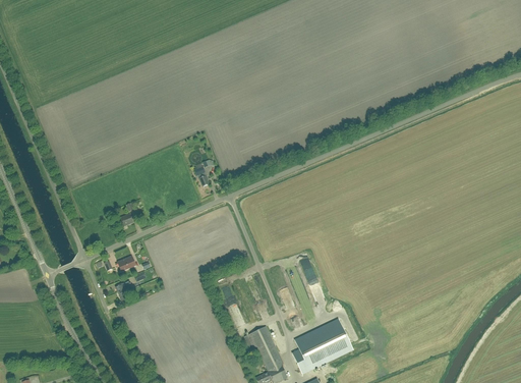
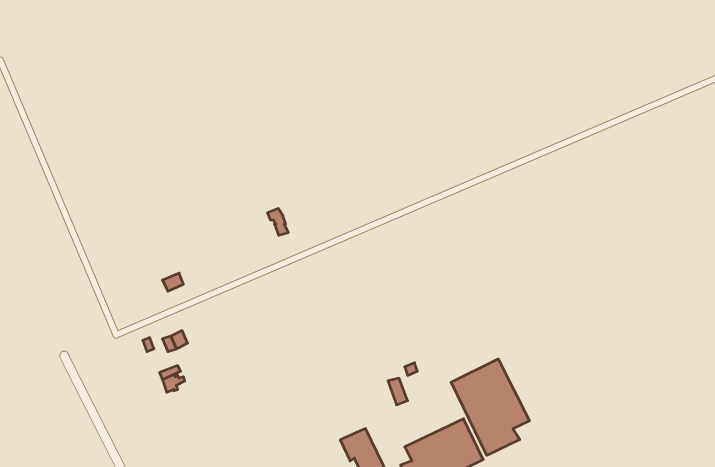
building: none -> [451,359,529,455]

